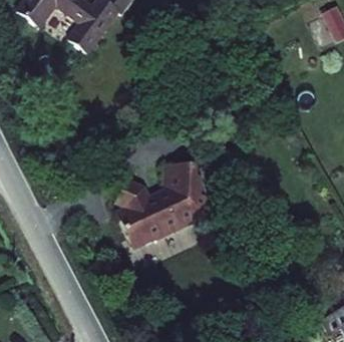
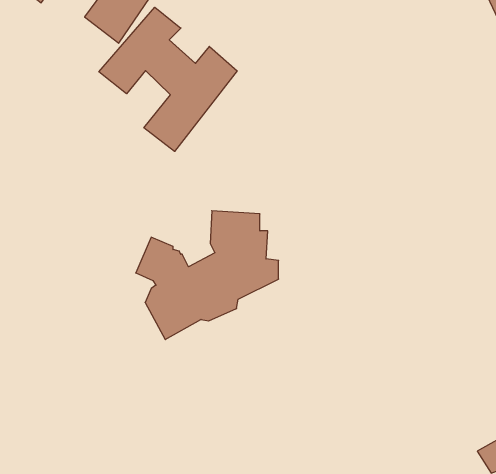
building: none -> [99,7,237,151]

